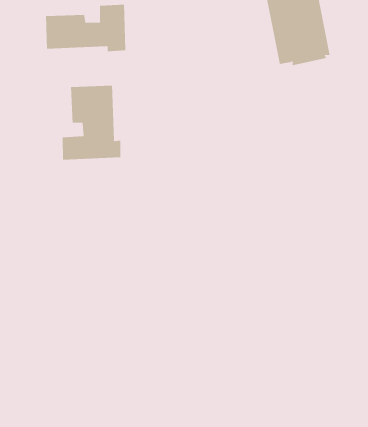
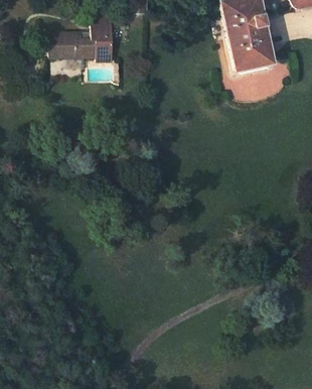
building: [62,85,121,160] -> none

